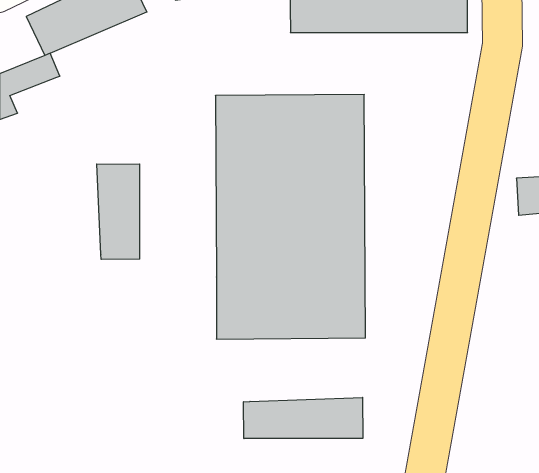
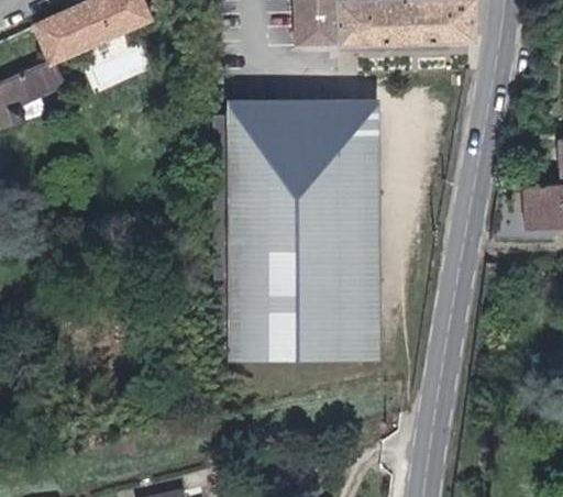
building: [97,164,140,259] -> none
building: [244,397,363,439] -> none

